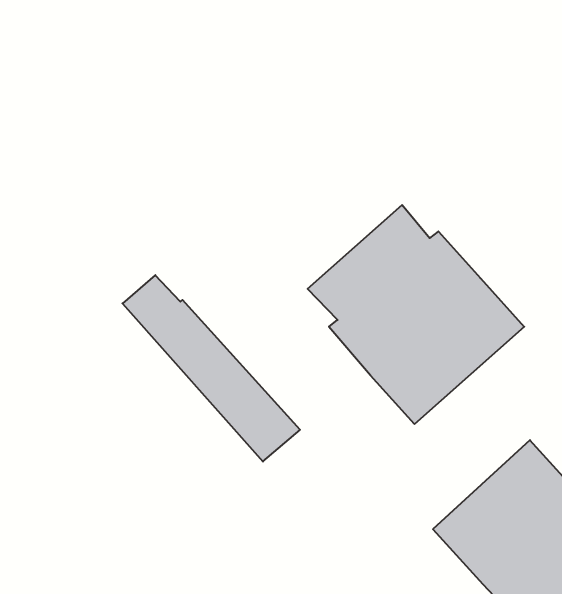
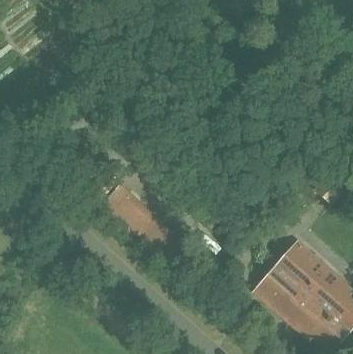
building: [308,205,524,424] -> none

